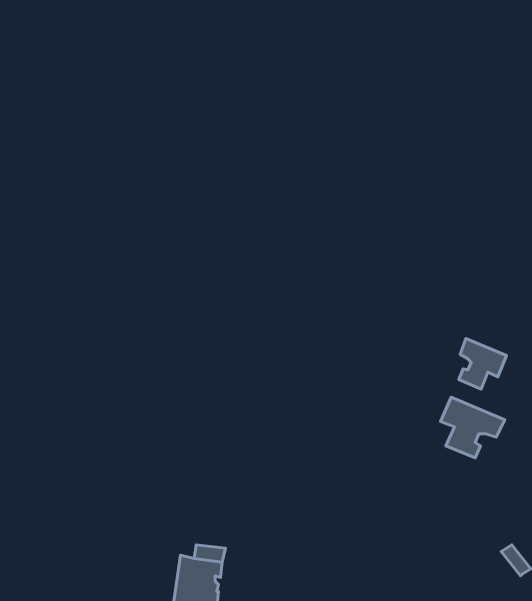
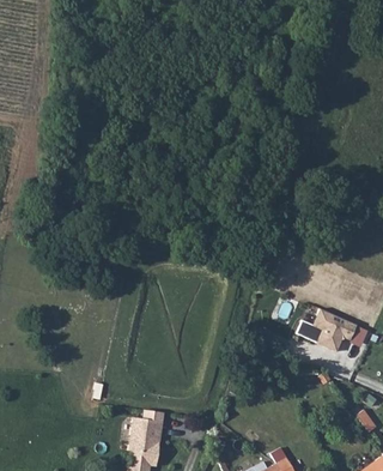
building: [459,339,507,389] -> none

